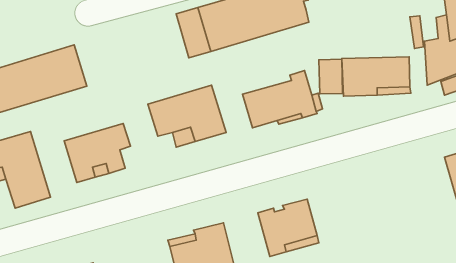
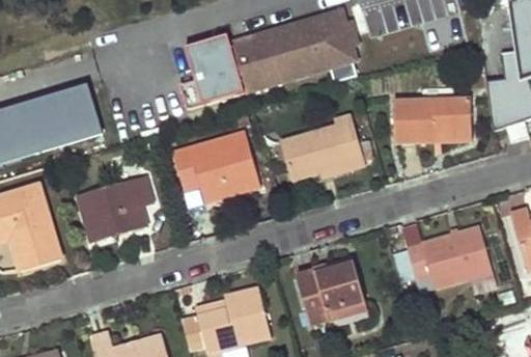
building: [319,59,343,94] -> none
building: none -> [407,227,492,286]

